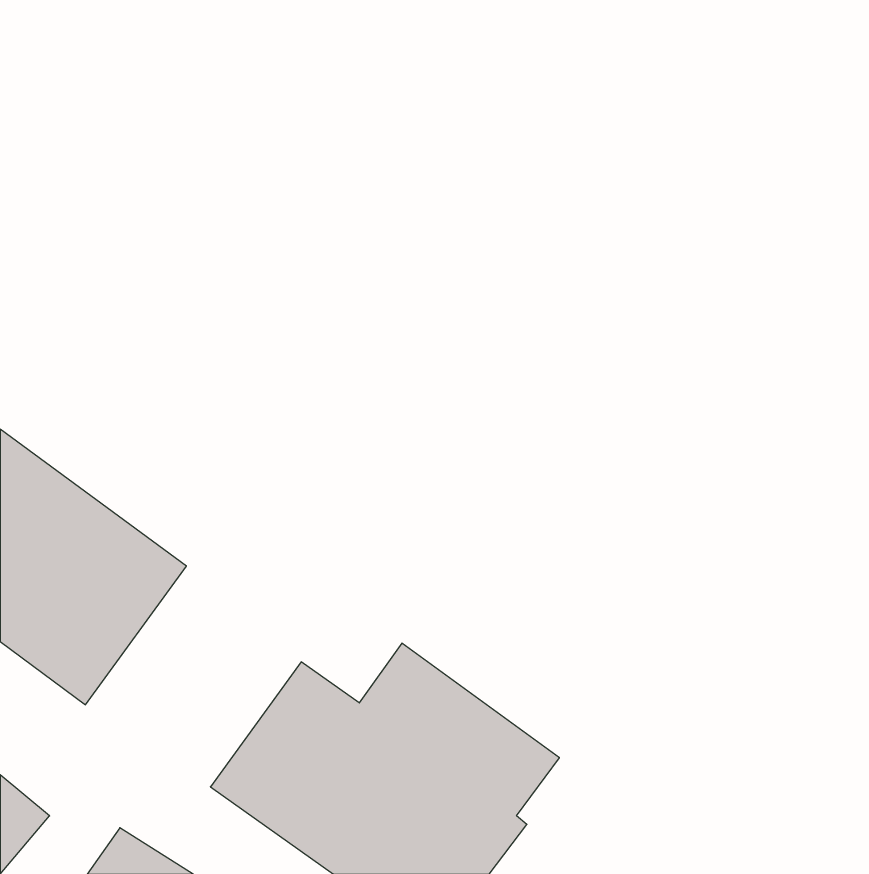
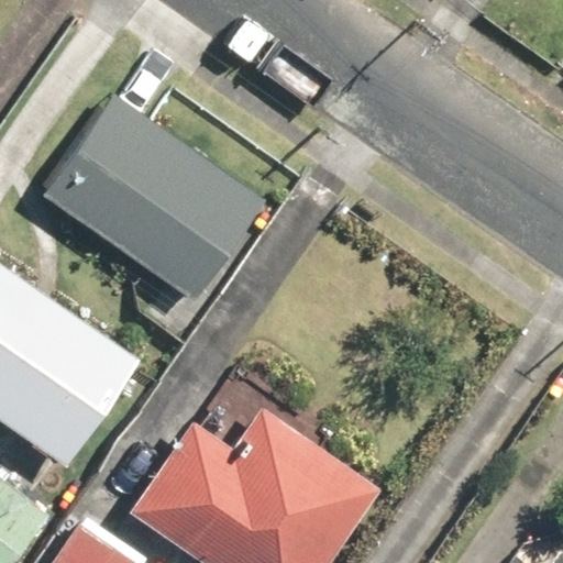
building: none -> [54,100,253,287]

